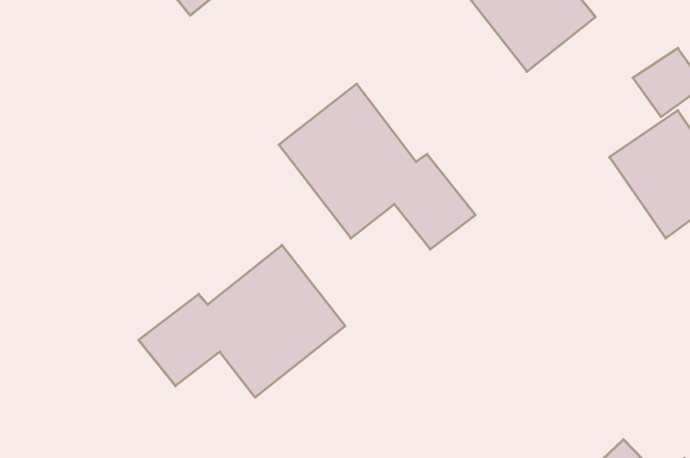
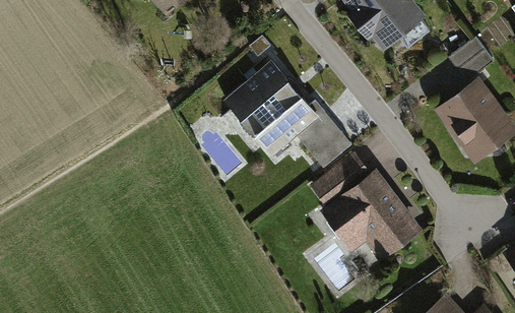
building: none -> [308,153,422,262]
building: [139,245,345,397] -> none

